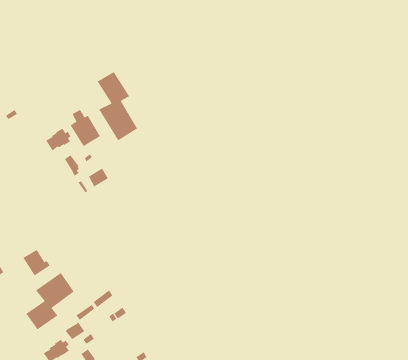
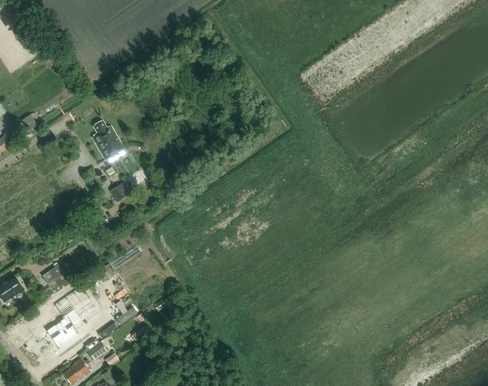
building: [97,71,138,141] -> none
building: [45,128,71,152] -> none

